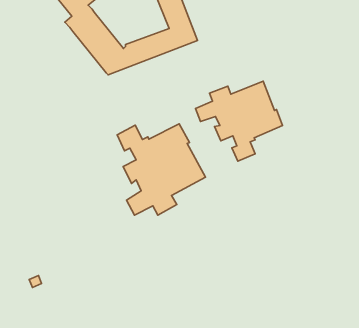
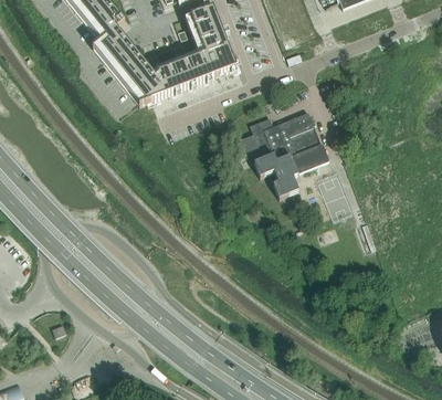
building: [117,124,206,215] -> none

